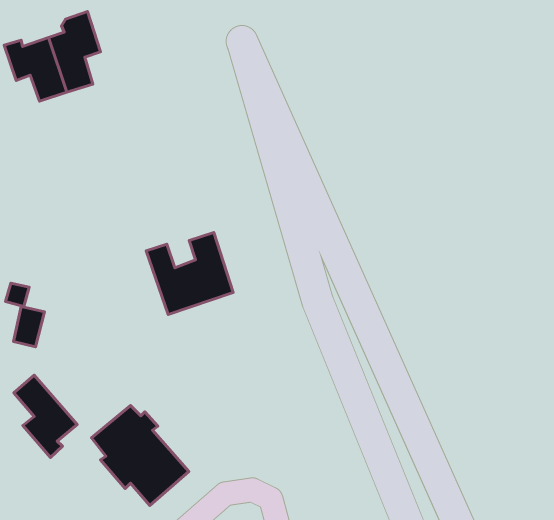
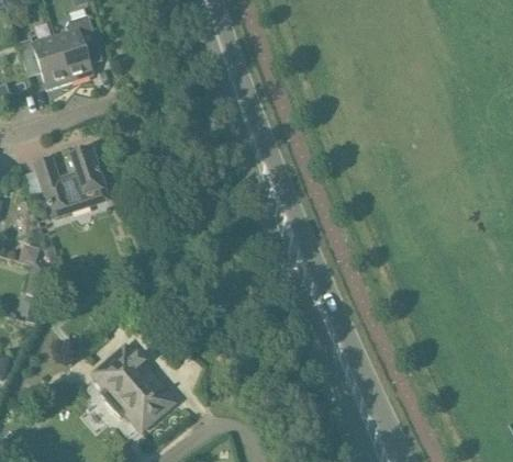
building: [146,233,233,314] -> [34,148,108,217]
building: [14,375,77,457] -> none

